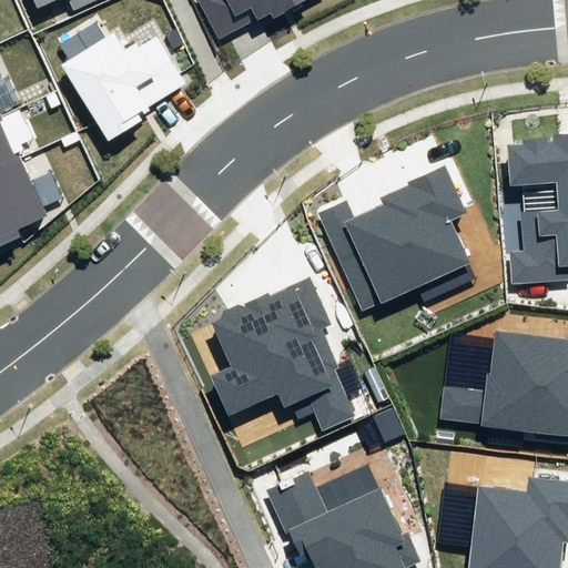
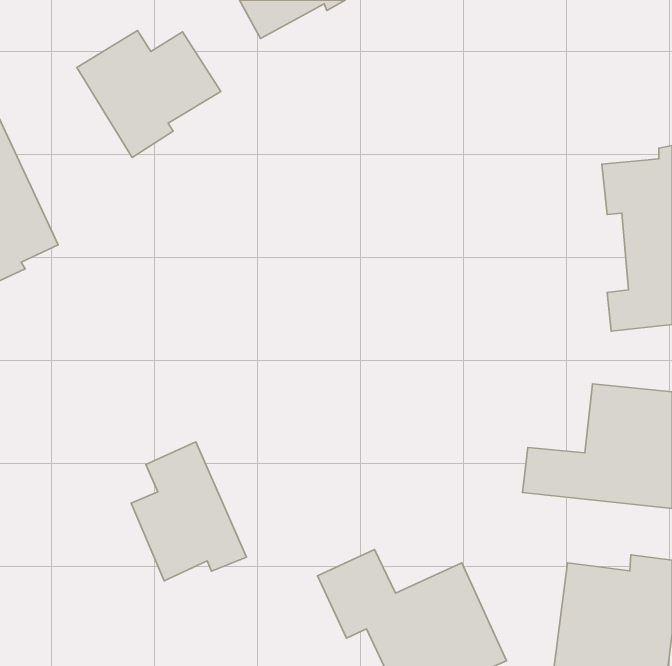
building: [320,165,473,312] -> none
building: [211,271,359,429] -> none
building: none -> [131,442,246,581]

